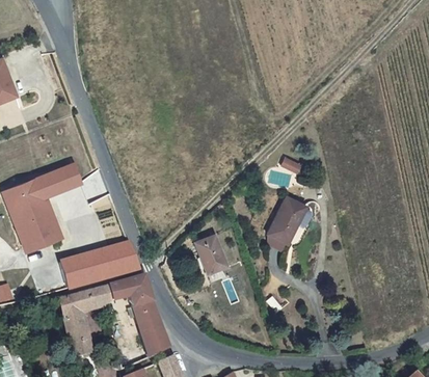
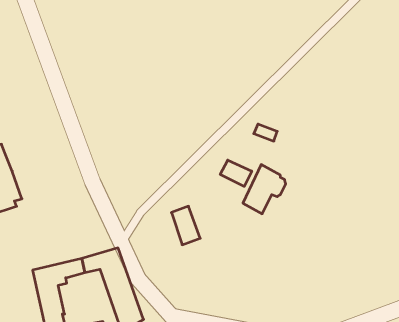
building: [36,172,74,201] -> none
building: none -> [220,160,252,186]
building: [61,243,137,288] -> none

